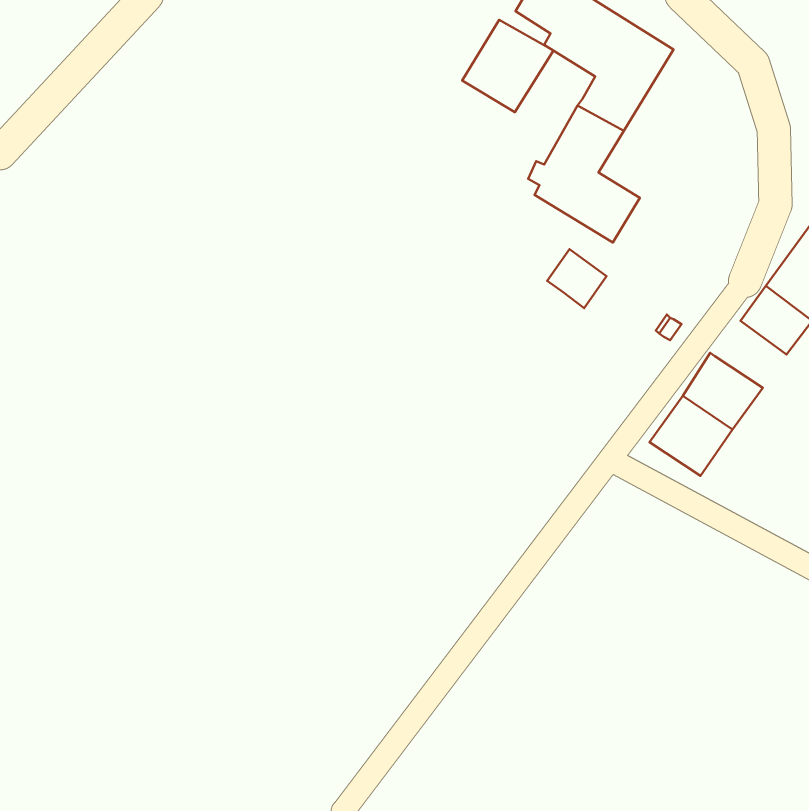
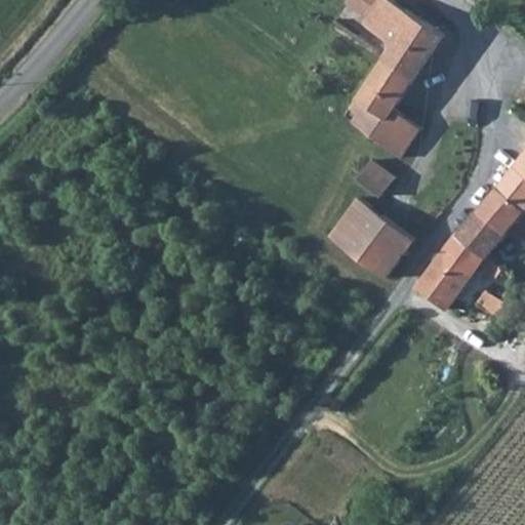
building: [462,20,554,112] -> none
building: none -> [331,196,417,276]
building: none -> [463,206,510,249]

